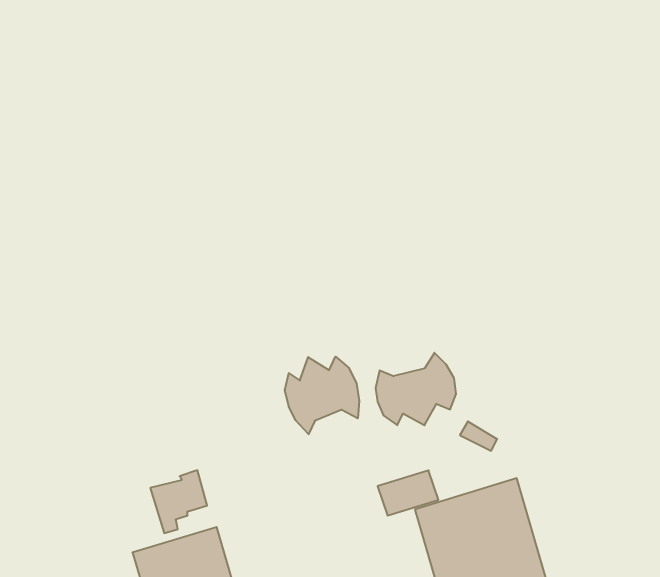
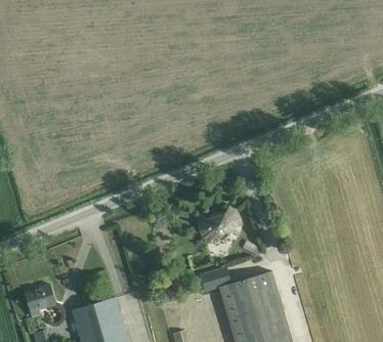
building: [285,357,359,434] -> none
building: [150,470,207,533] -> [26,285,55,317]

